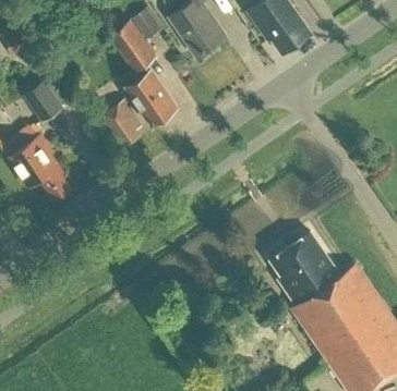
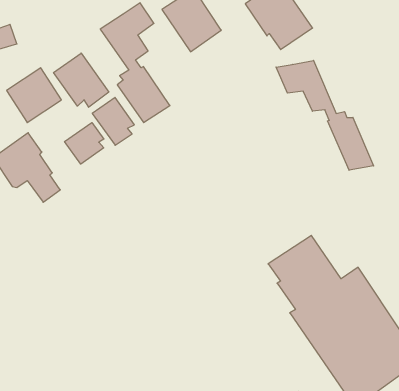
building: none -> [54,53,109,107]
building: none -> [276,60,374,170]
building: none -> [65,123,104,164]

